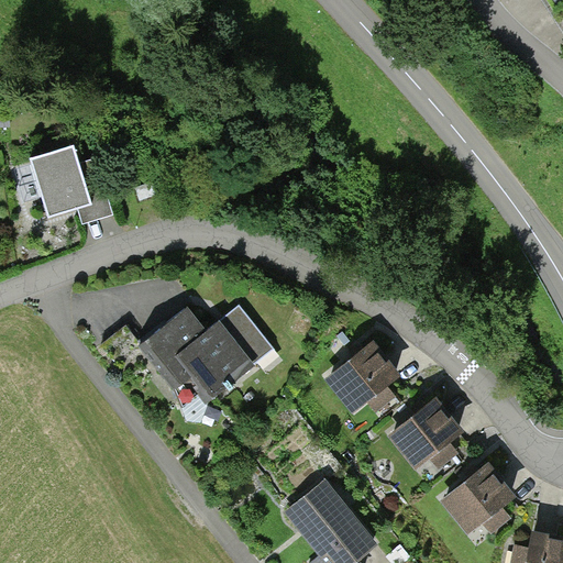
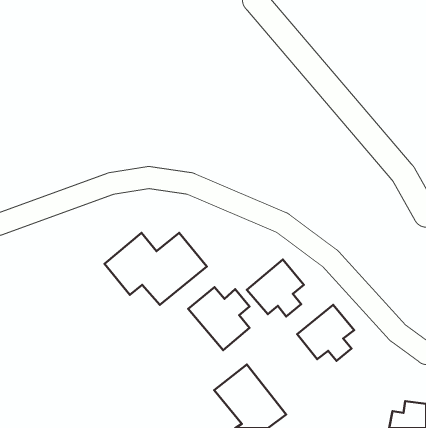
building: [30,148,113,222] -> none
building: none -> [188,287,250,350]
building: [439,464,514,538] -> none

